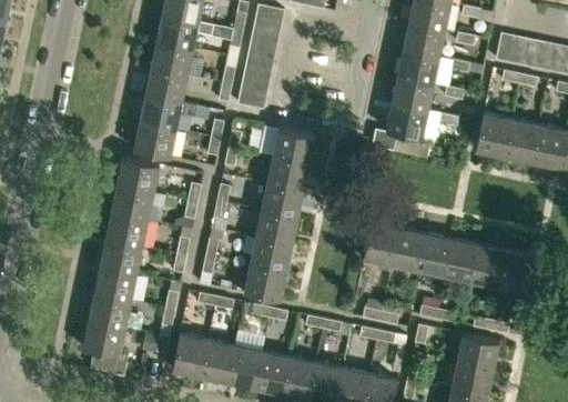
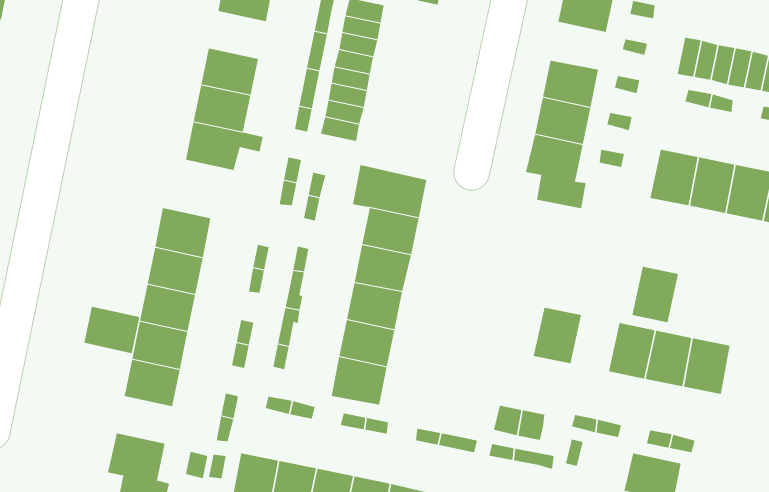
building: [156,13,214,48] -> none
building: [404,21,445,56] -> none
building: [134,121,175,157] -> none
building: [364,221,399,263] -> none
building: [419,233,454,274] -> [631,266,679,323]
building: [90,292,131,326] -> [83,306,140,354]

